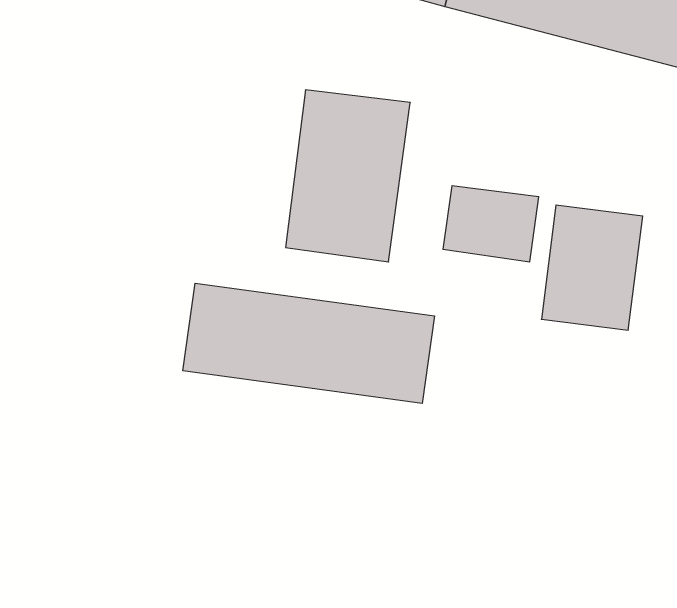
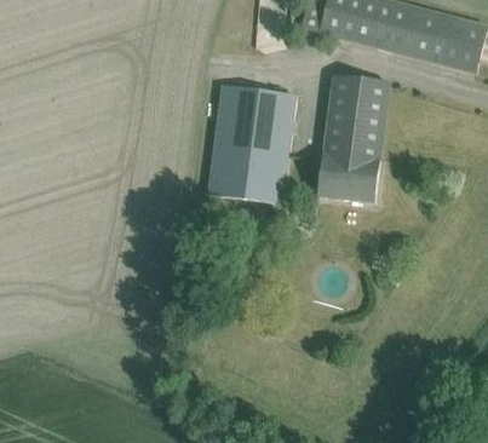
building: [541,205,643,330] -> [322,75,390,159]
building: [183,283,434,403] -> none

